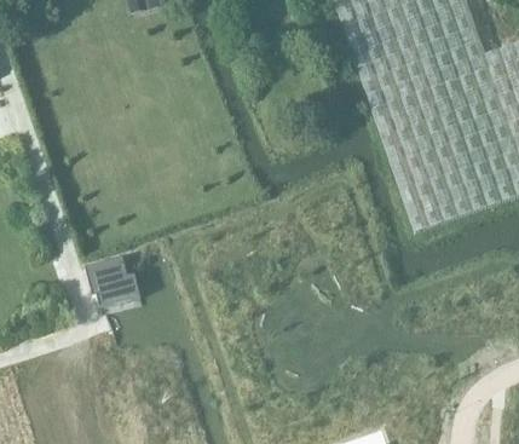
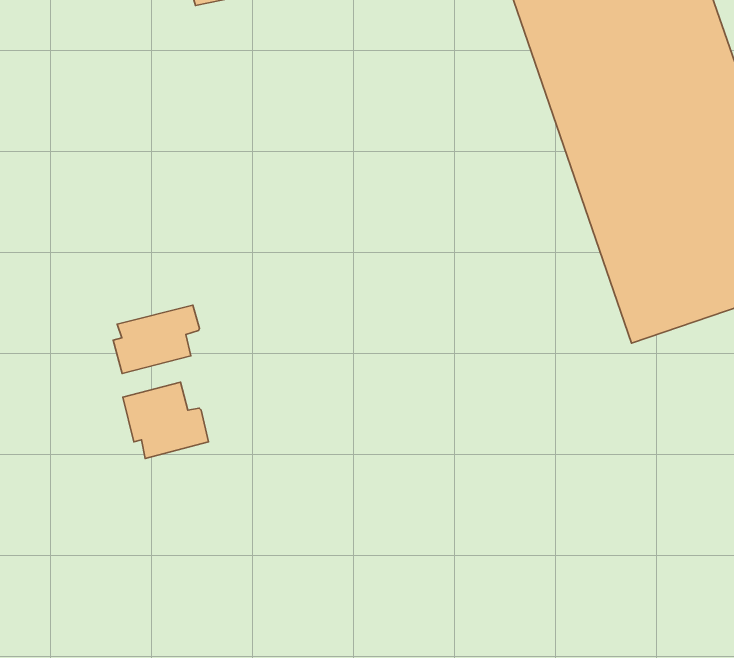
building: none -> [113,305,200,373]

